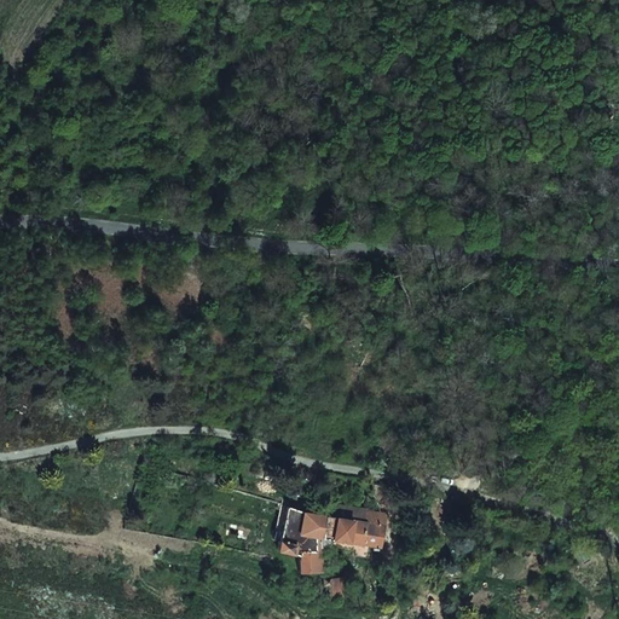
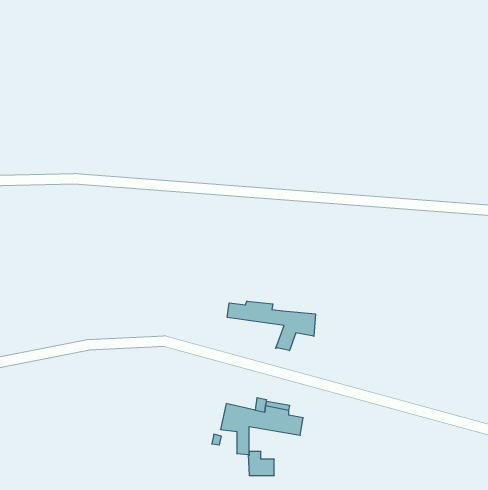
building: none -> [227,301,315,351]

